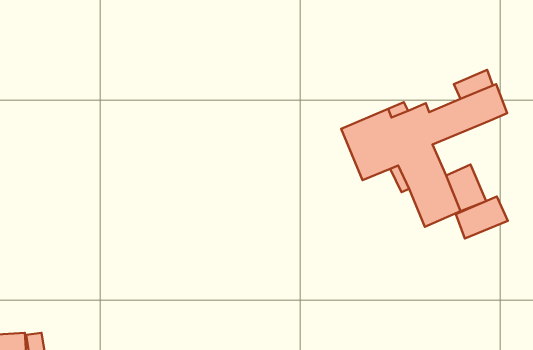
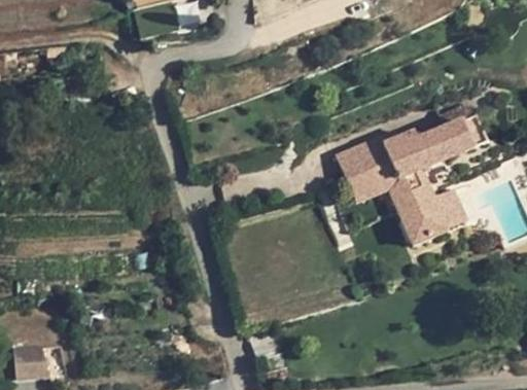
building: [456,197,508,239] -> none

